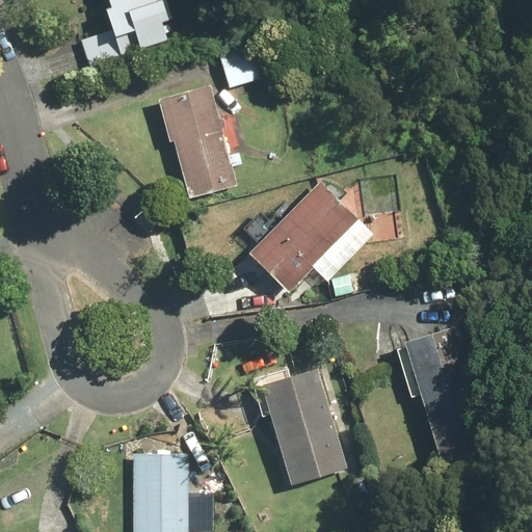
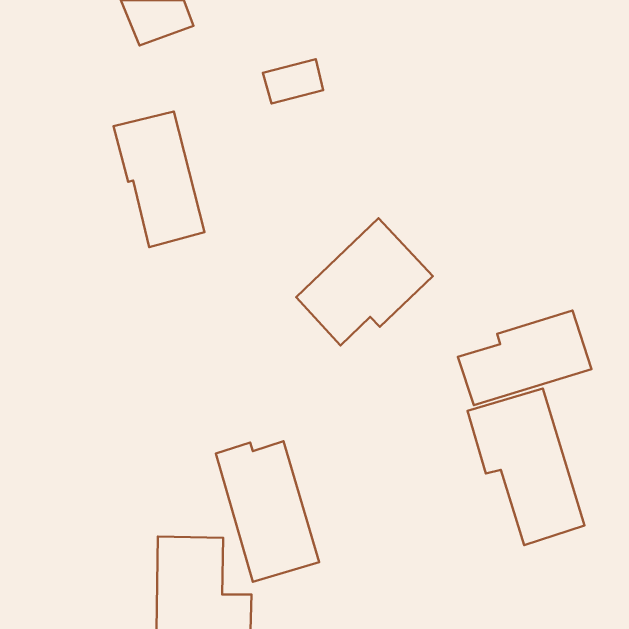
building: [159,85,236,200] -> [113,111,205,247]
building: none -> [458,311,591,405]
building: [260,367,347,485] -> [216,441,319,582]

